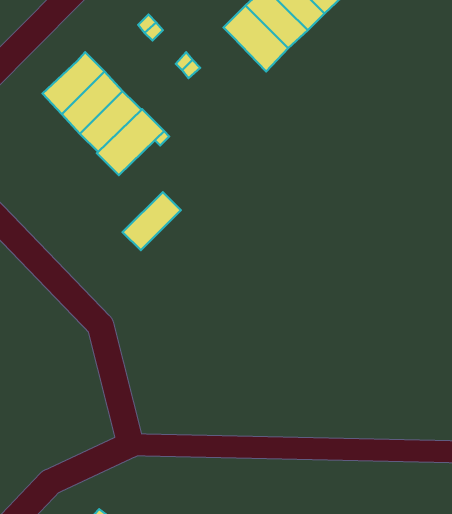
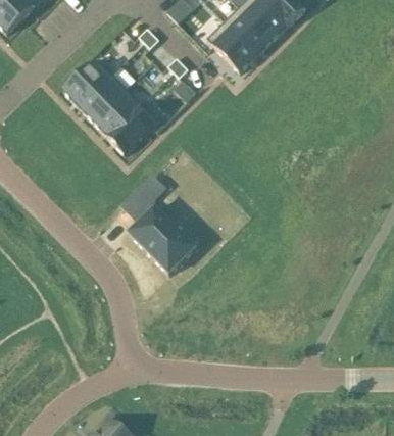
building: none -> [133,201,199,268]

